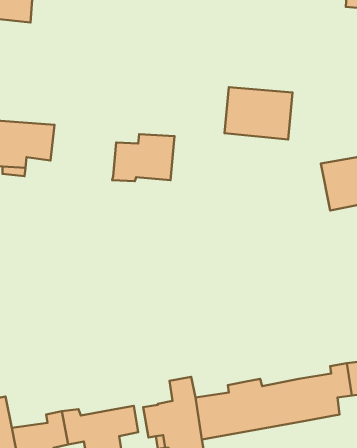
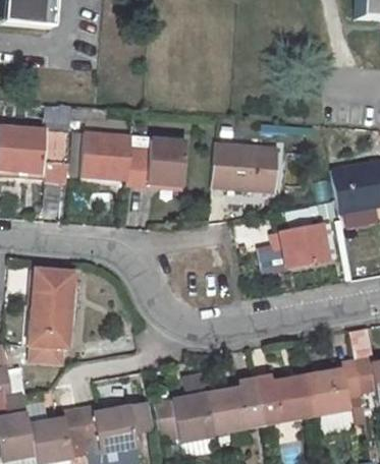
building: [225,87,292,140] -> [213,143,279,194]
building: none -> [79,130,132,179]
building: none -> [271,221,327,263]
building: none -> [29,268,72,348]

